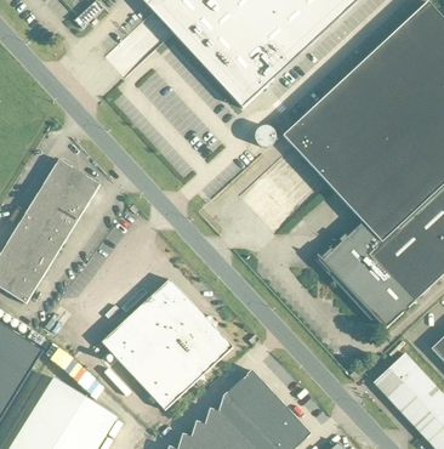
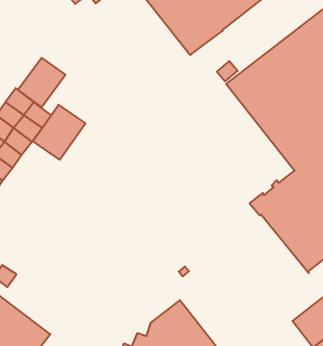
building: none -> [18,58,65,107]
building: none -> [33,105,85,160]
building: [102,278,233,409] -> none

